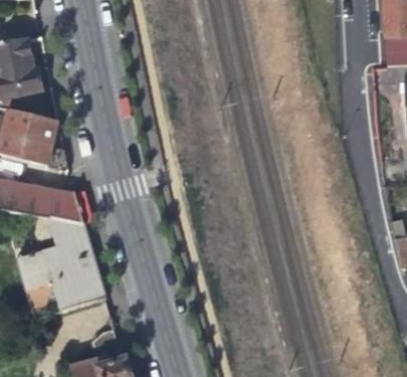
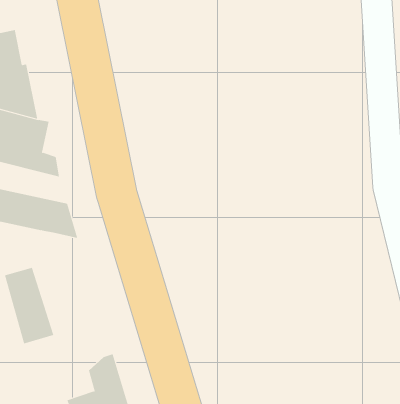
building: [34,218,107,311] -> none

